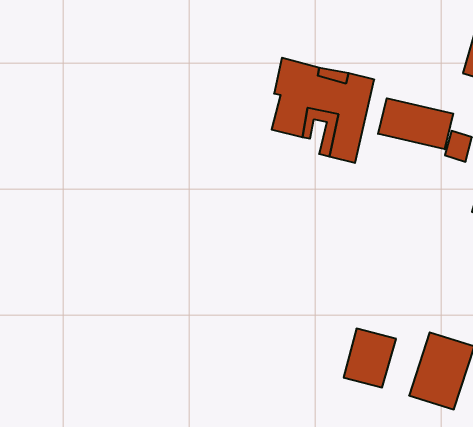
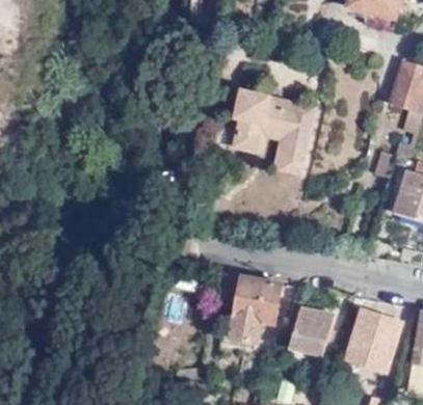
building: [378,98,453,149] -> none
building: none -> [212,270,279,339]

